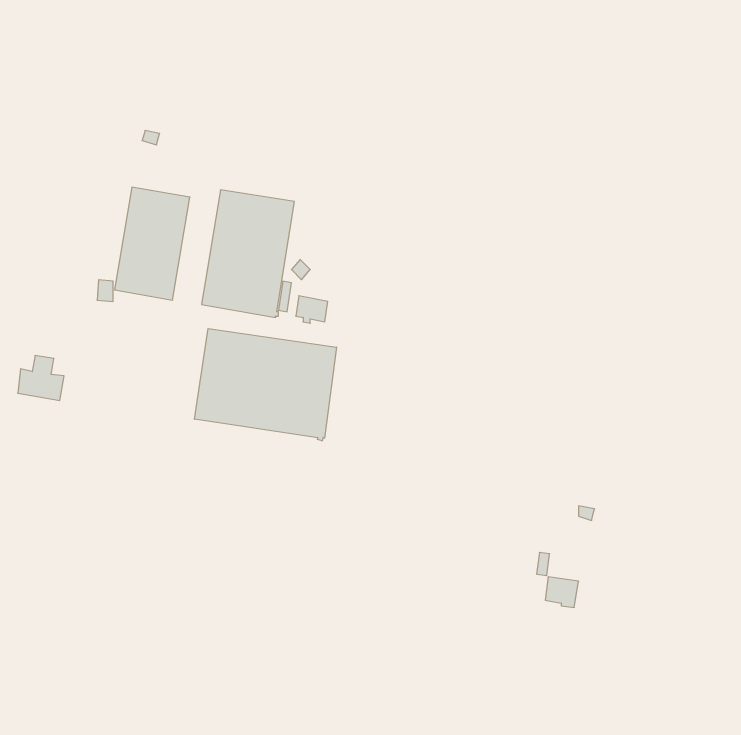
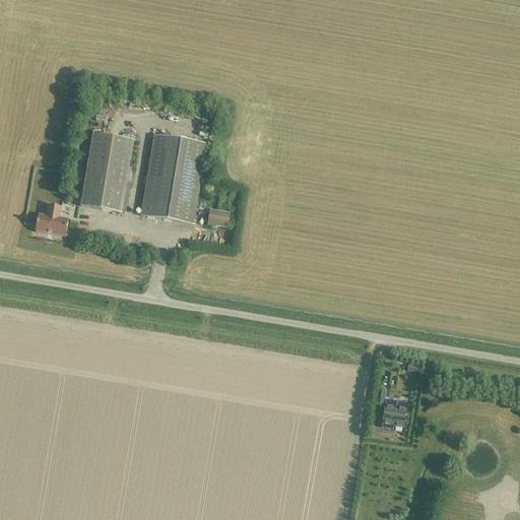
building: [194,329,337,441] -> none
building: [18,356,64,401] -> [36,202,68,234]

